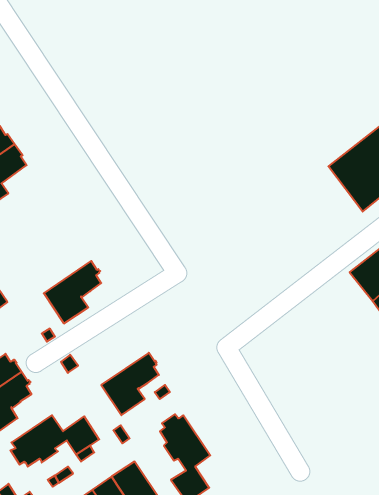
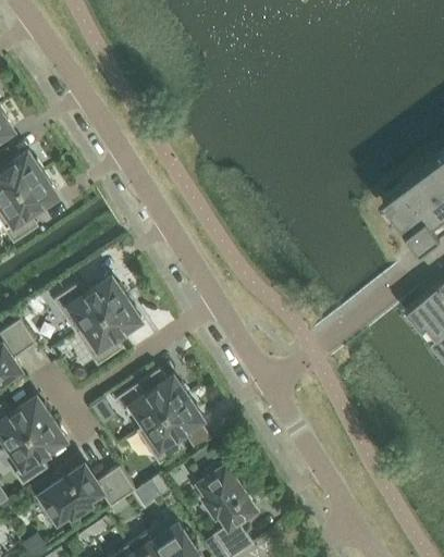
building: none -> [53,280,127,334]
building: none -> [115,379,189,433]

